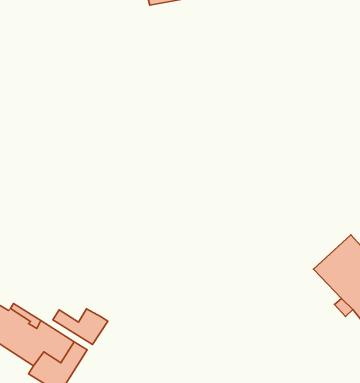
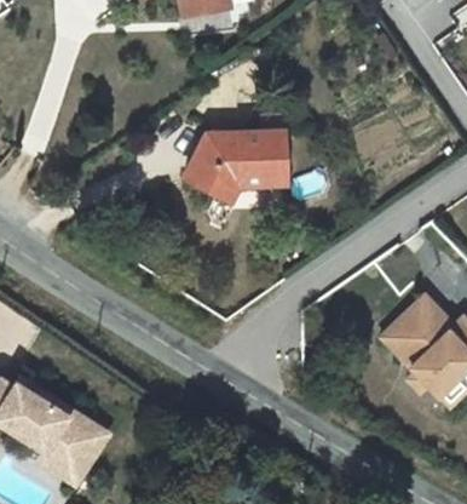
building: none -> [184,131,286,201]
building: [53,309,108,345] -> none

